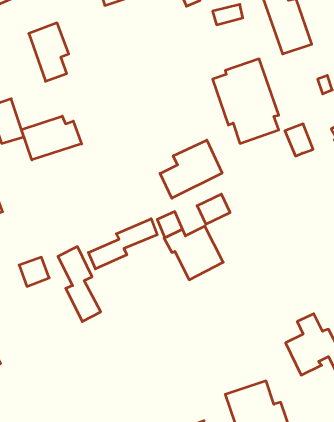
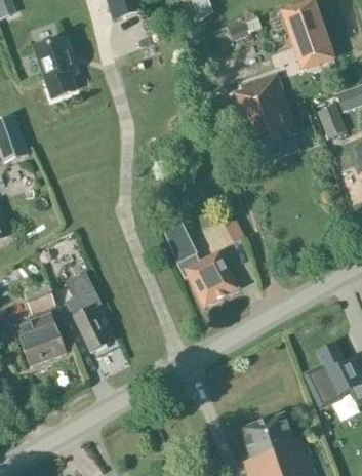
building: [22,116,82,160] -> none
building: [285,124,313,156] -> [317,105,347,138]
building: [160,140,222,198] -> none
building: [88,219,157,269] -> none
building: none -> [10,313,65,361]

